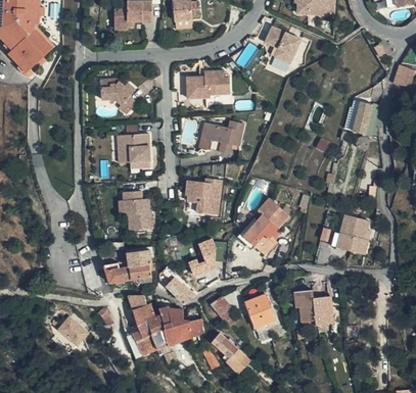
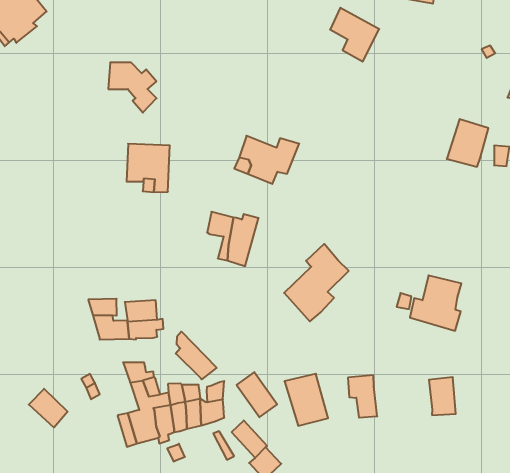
building: [186,72,230,99] -> none
building: [118,190,147,228] -> none
building: [184,239,223,279] -> none
building: [311,296,332,325] -> [429,377,456,415]

